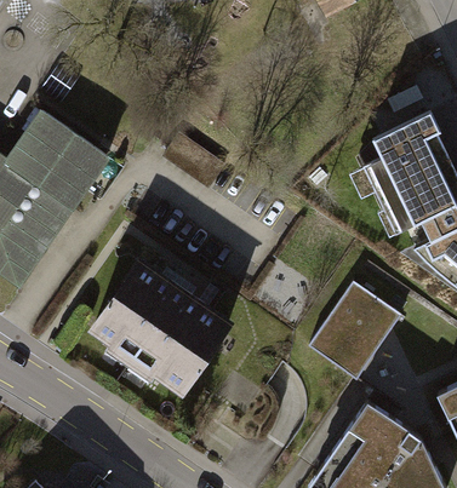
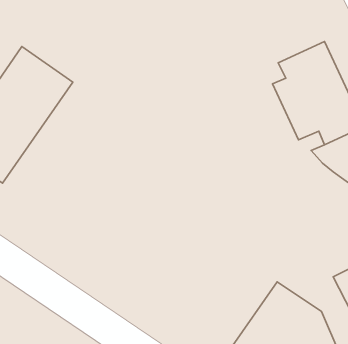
building: [90,257,232,394] -> none
building: [309,286,402,381] -> none

